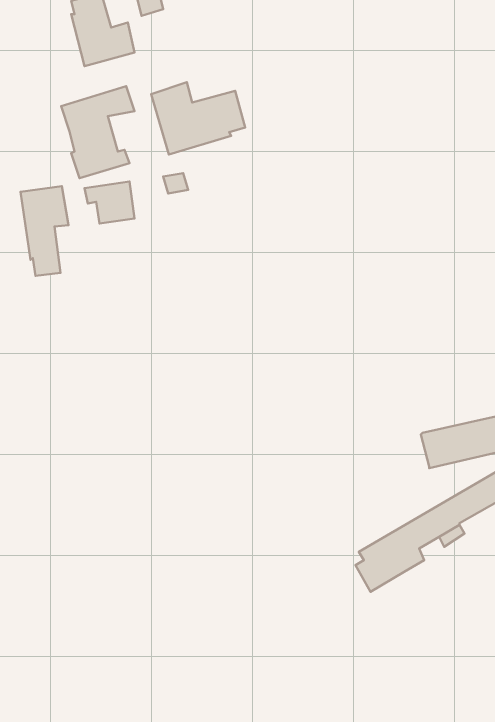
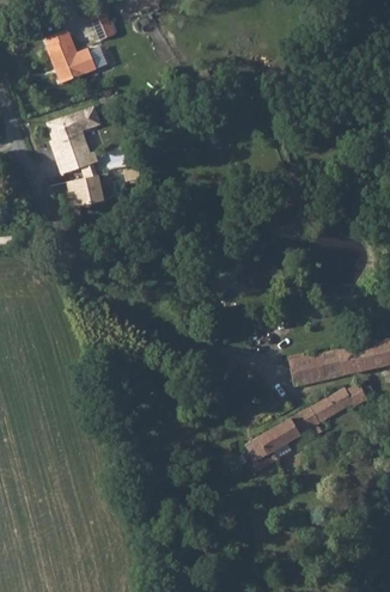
building: [151,82,245,155] -> none
building: [20,186,69,276] -> none

